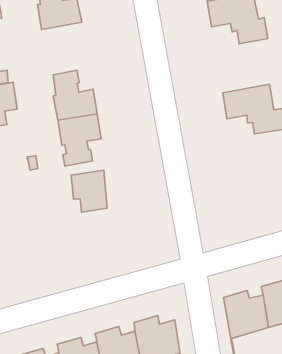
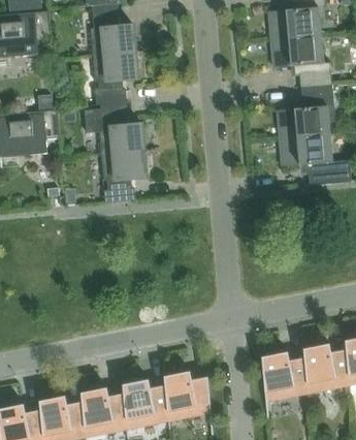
building: none -> [92,51,137,104]
building: none -> [277,85,335,138]
building: [71,170,107,212] -> none

